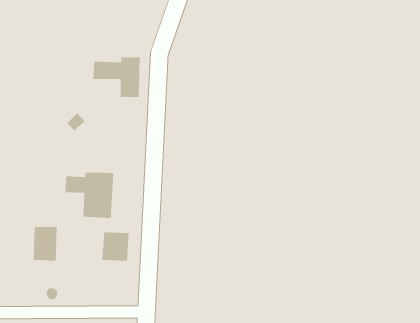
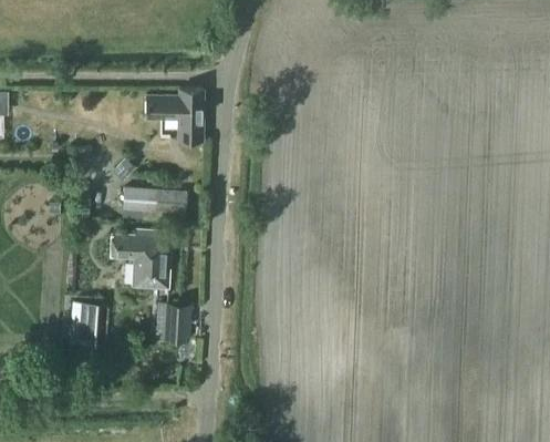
building: none -> [122,187,187,220]

